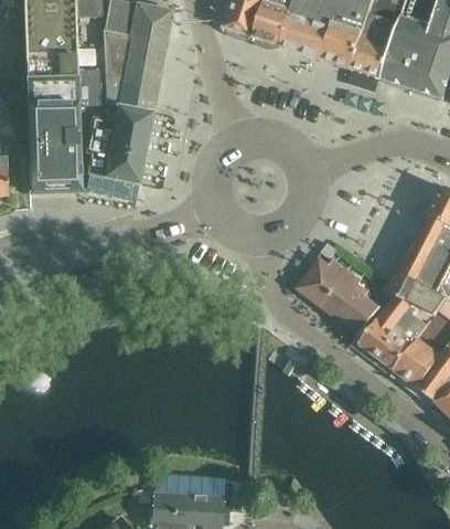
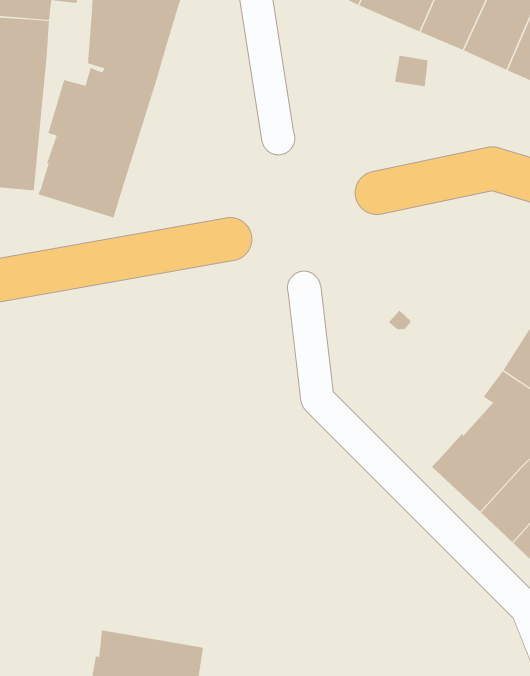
building: [79,68,101,104] -> none
building: [306,258,375,328] -> none

